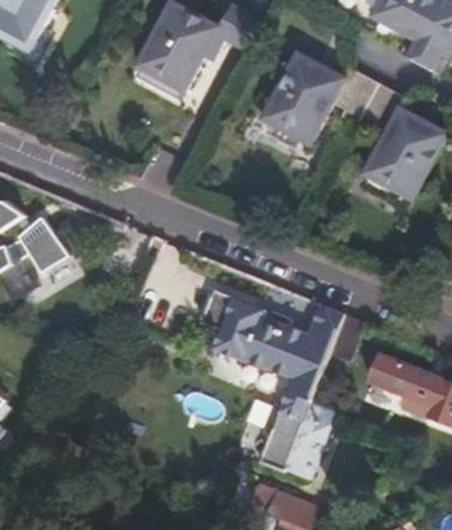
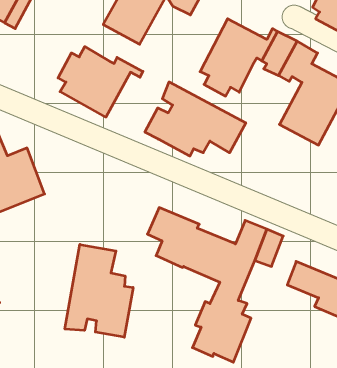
building: none -> [58,47,143,117]
building: none -> [145,82,246,156]
building: none -> [65,244,133,337]

